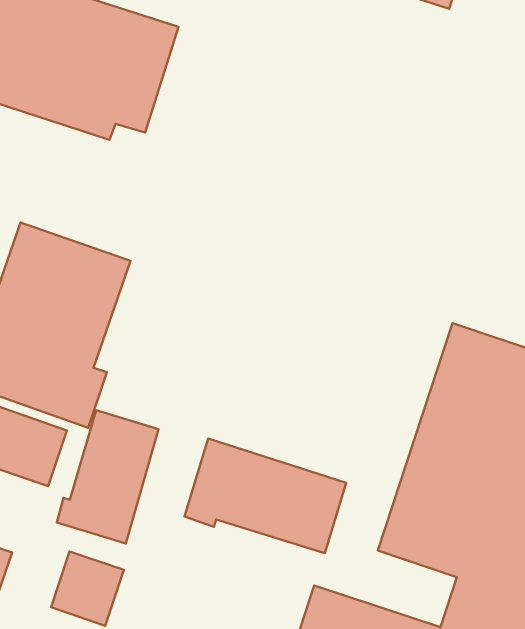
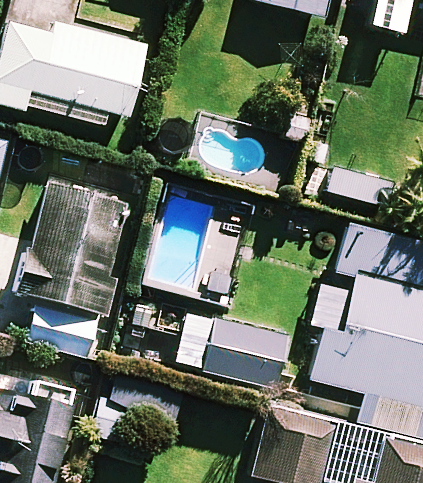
building: [57,410,159,544] -> none

